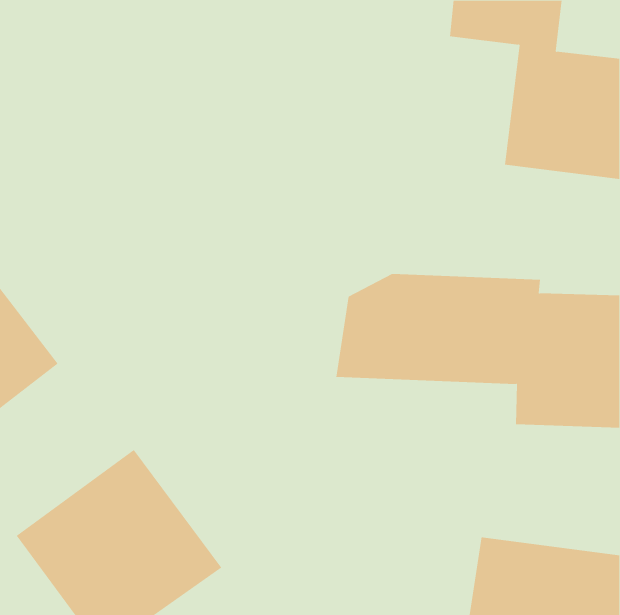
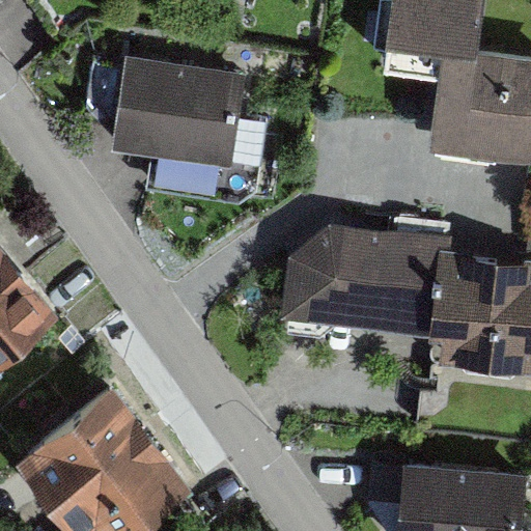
building: none -> [114,59,247,168]

